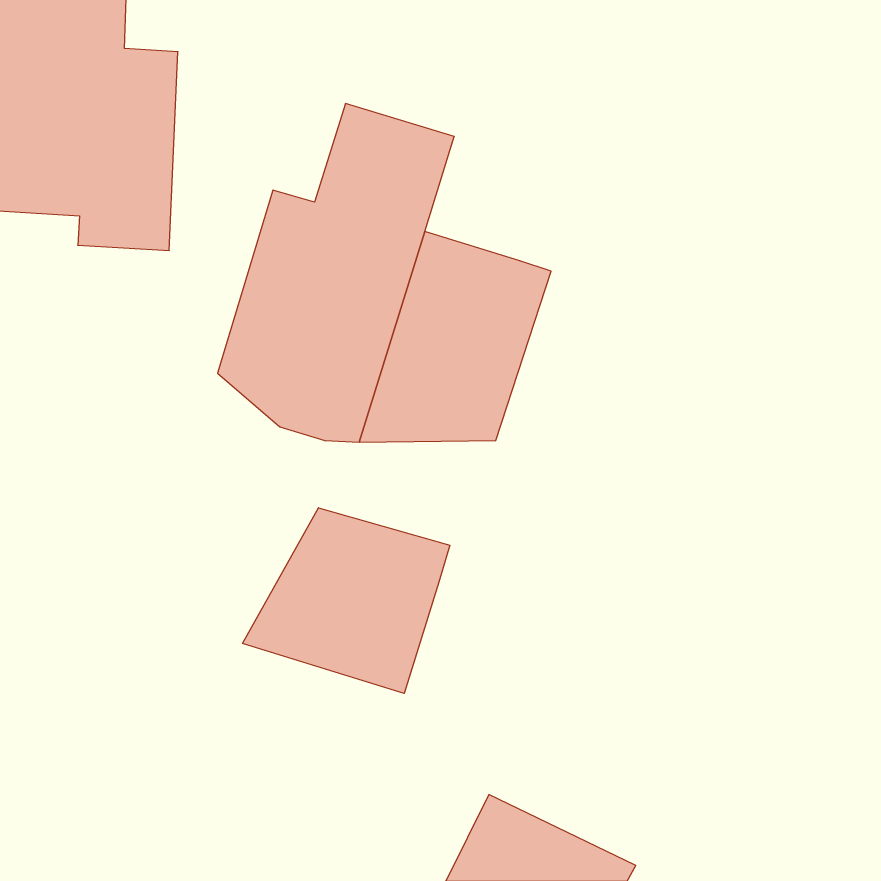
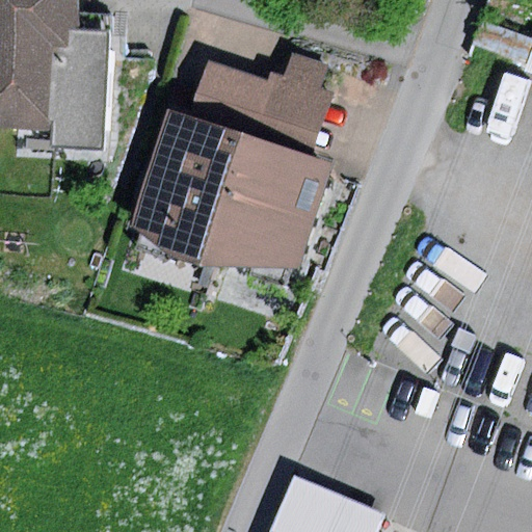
building: none -> [256,53,332,157]
building: [243,508,450,693] -> none

